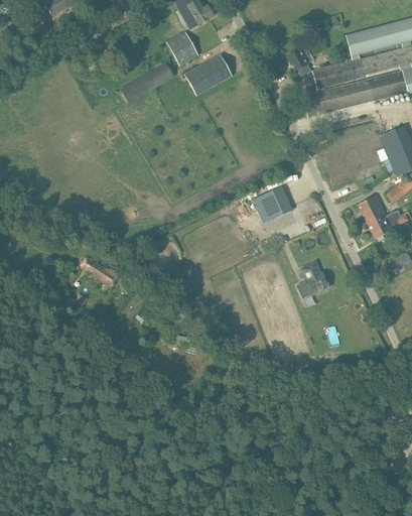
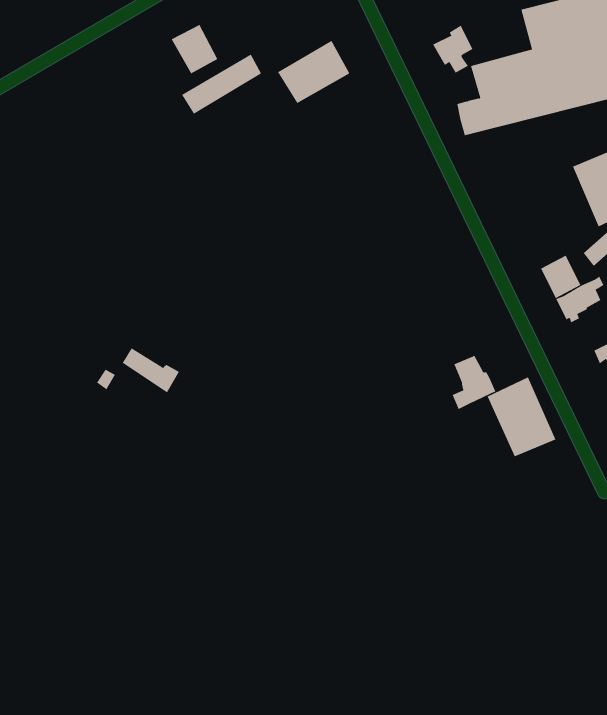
building: [167,31,198,64] -> [171,24,218,74]
building: [254,185,292,222] -> none
building: none -> [487,376,556,457]

